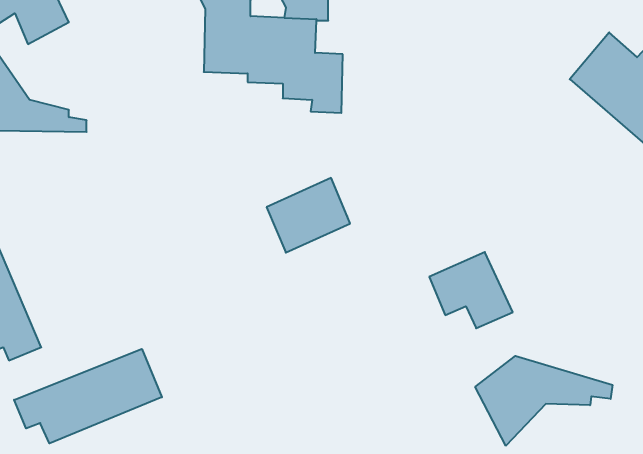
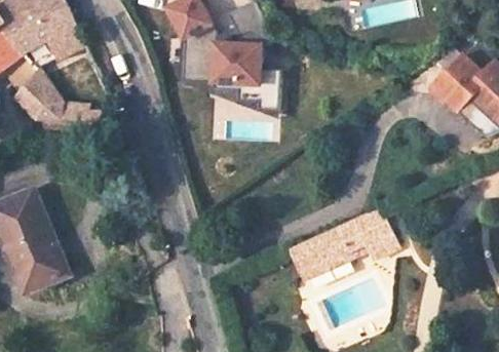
building: [267,178,350,253] -> [294,225,352,277]
building: [14,349,162,443] -> none
building: [475,356,612,446] -> none

